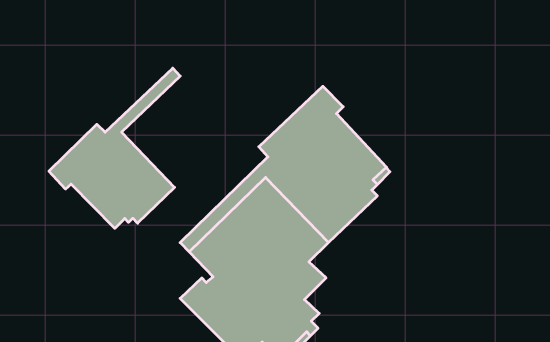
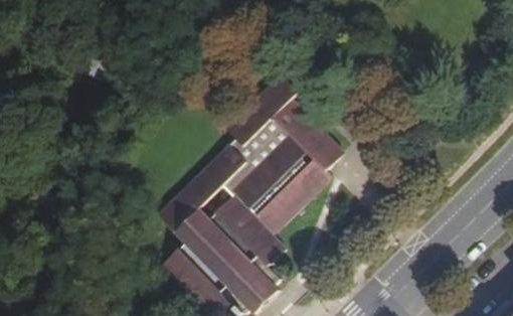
building: [49,68,180,228] -> none

